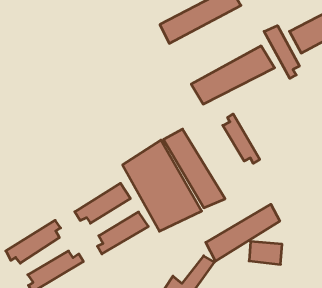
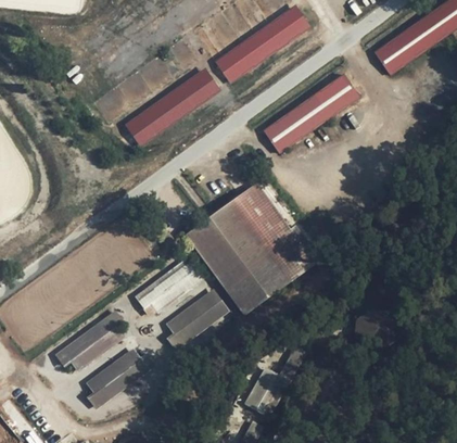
building: [264,26,299,78] -> none
building: none -> [124,67,214,138]
building: [223,114,260,163] -> none
building: [206,204,280,261] -> none

